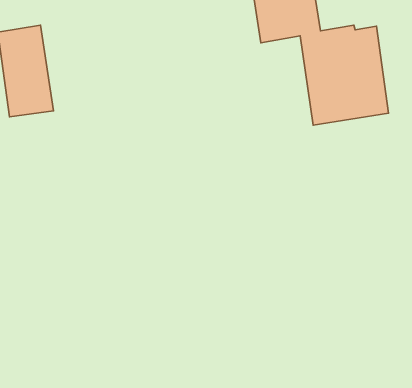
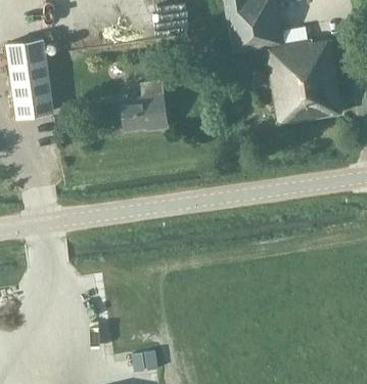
building: none -> [120,80,169,132]

